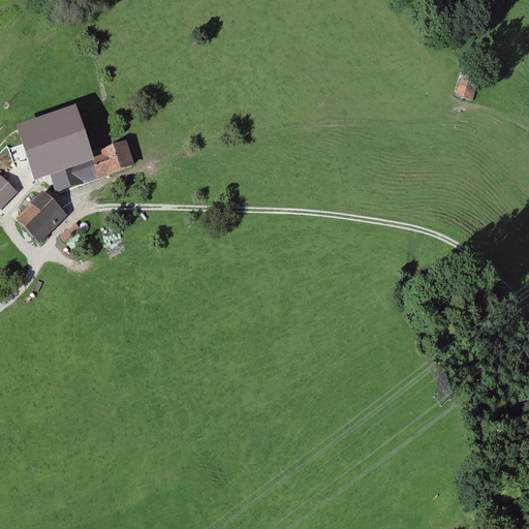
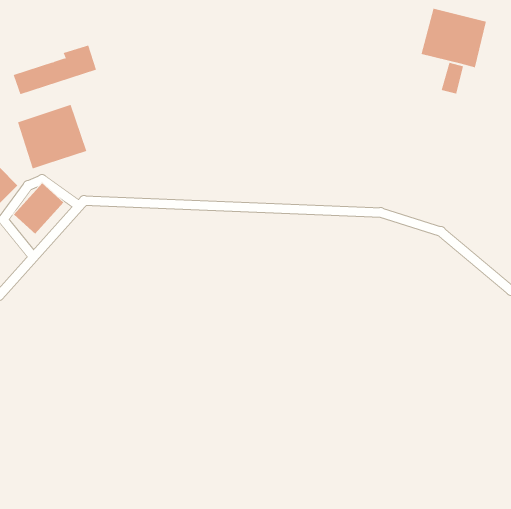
building: none -> [421,8,486,68]
building: [49,138,135,190] -> [13,45,97,95]

